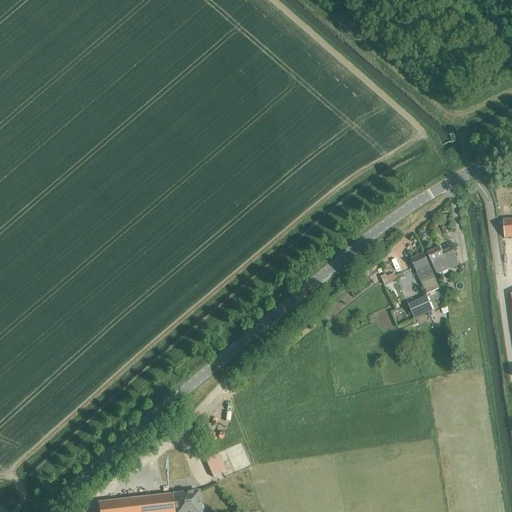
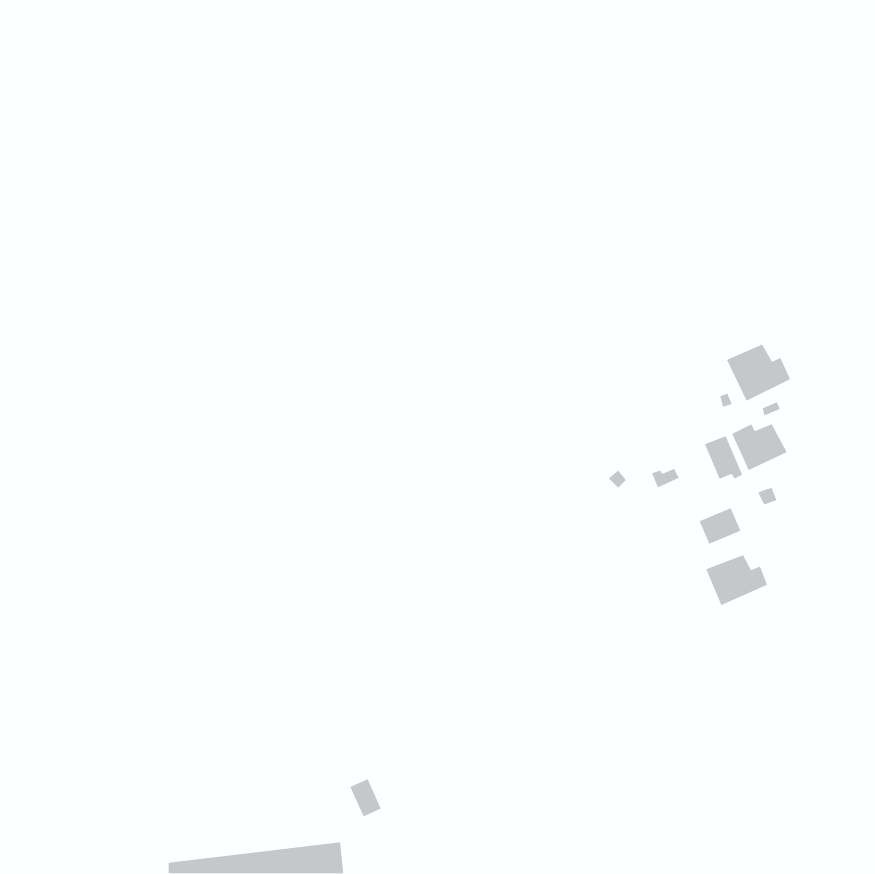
building: none -> [726,343,791,402]
building: none -> [705,554,768,606]

